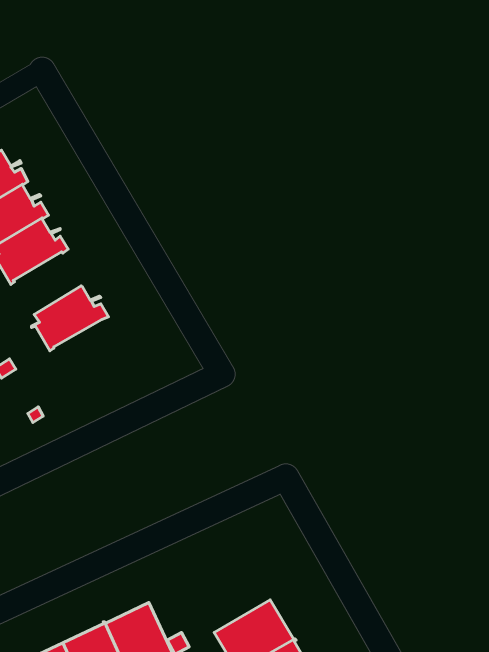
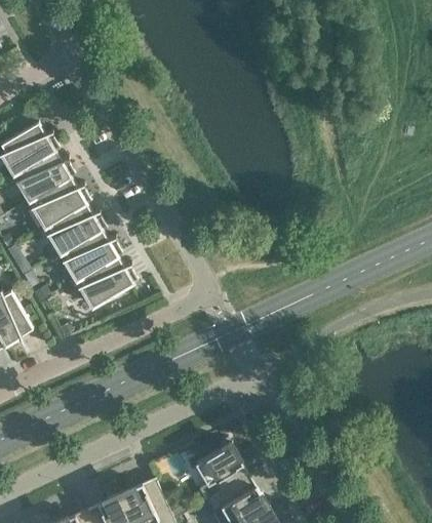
building: none -> [44,203,105,254]
building: none -> [76,256,136,308]
building: none -> [194,439,248,502]

